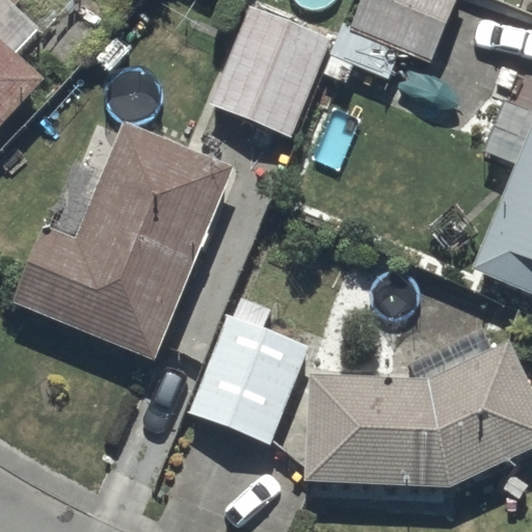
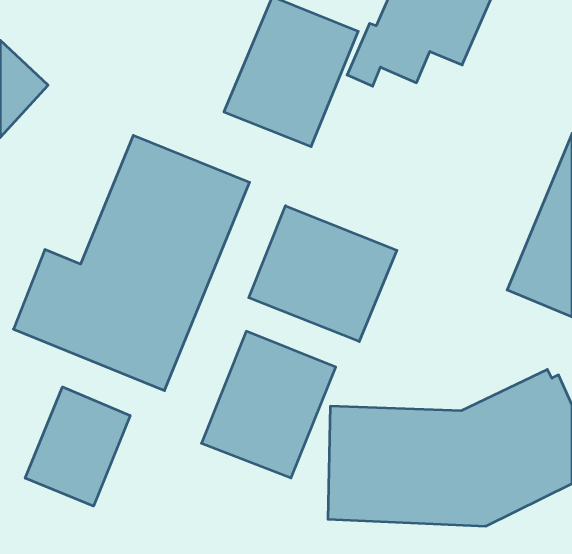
building: none -> [249,206,397,342]
building: none -> [25,387,130,506]

